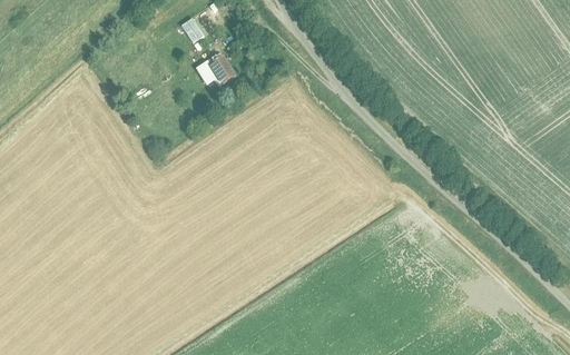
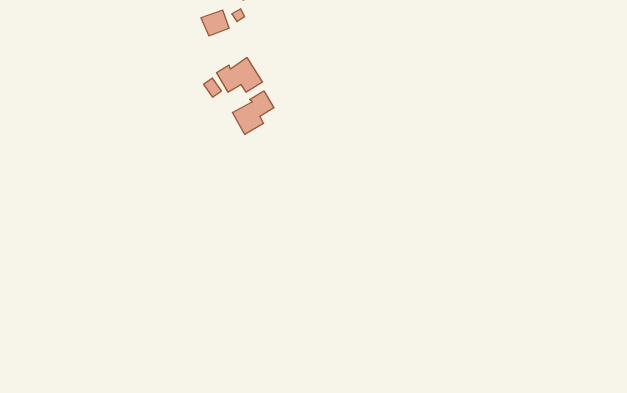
building: none -> [232,91,274,135]

